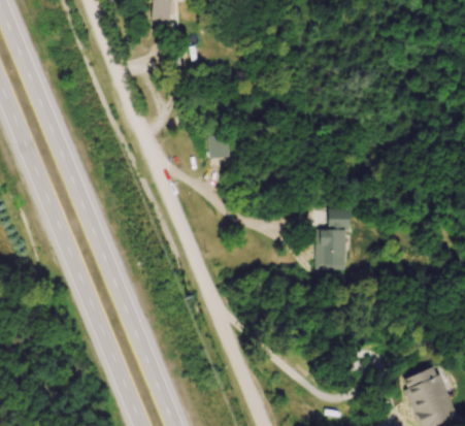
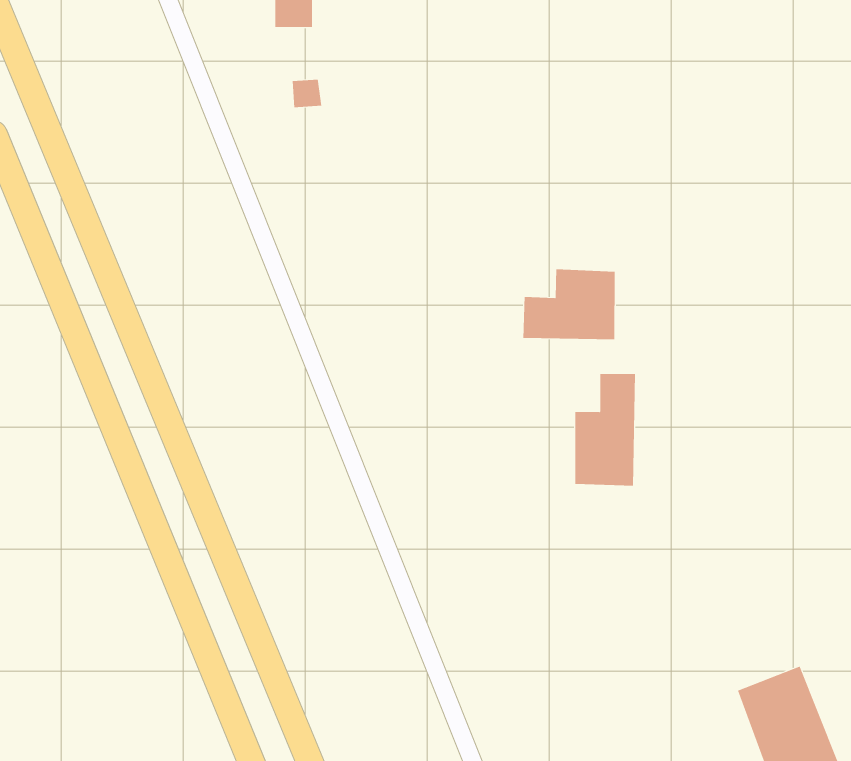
building: [208,135,227,157] -> none
building: none -> [523,269,615,340]

